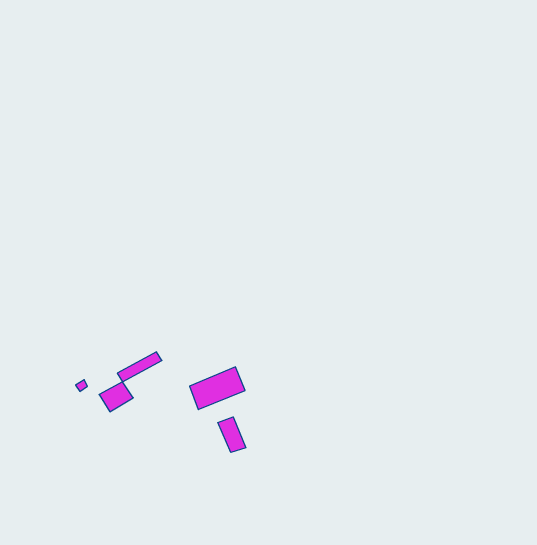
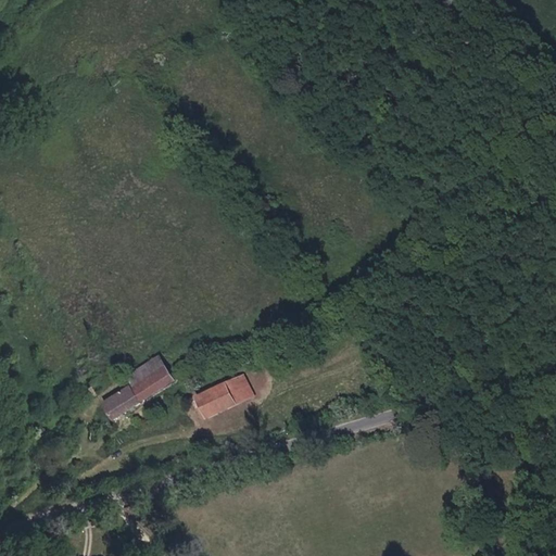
building: none -> [125,367,177,405]
building: [218,417,246,452] -> none

